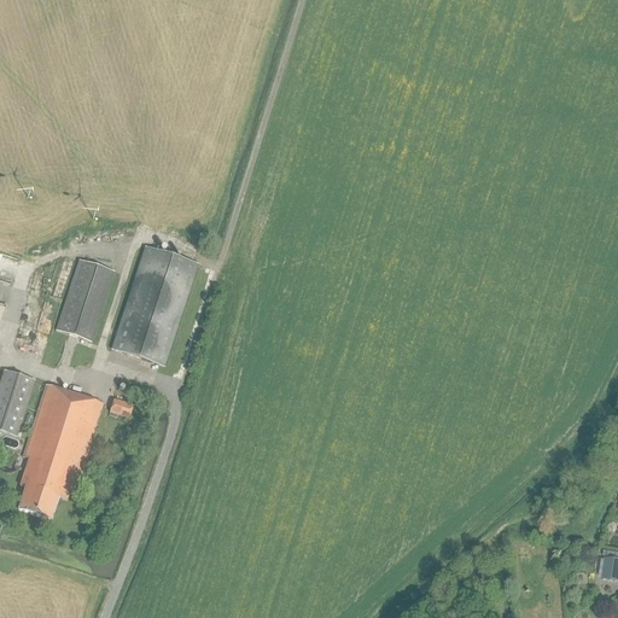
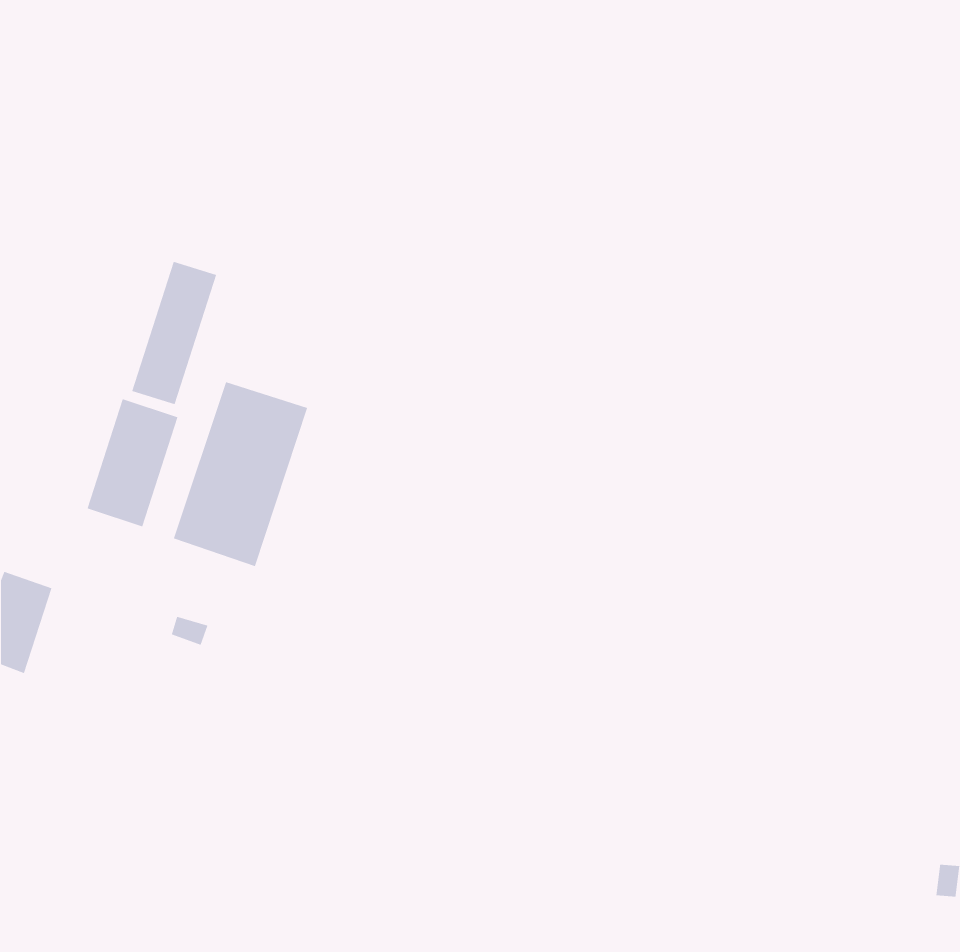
building: none -> [131,261,217,405]
building: [18,381,103,517] -> none

